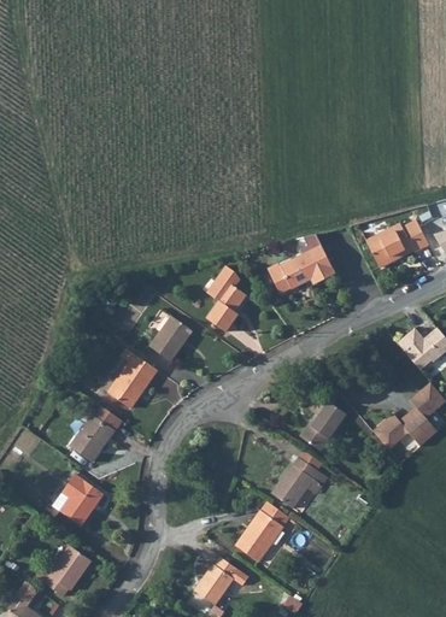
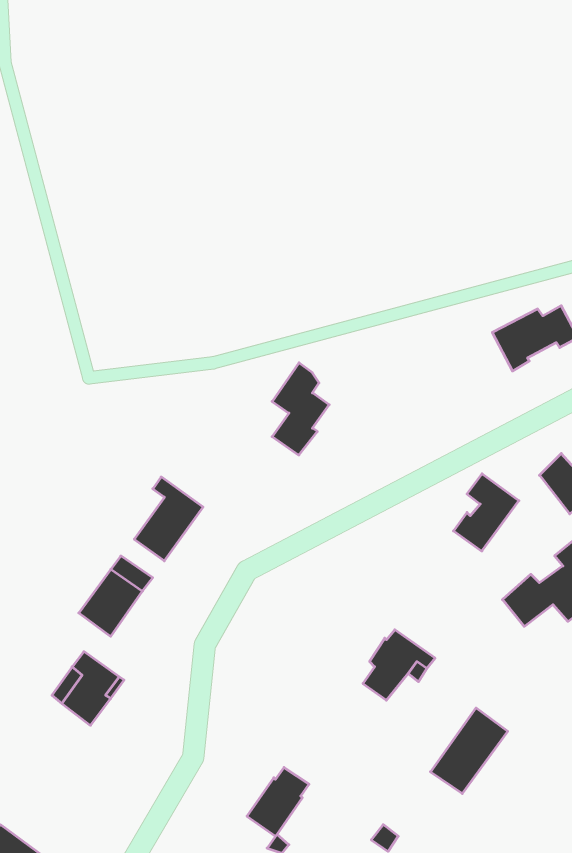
building: [269,236,335,296] -> none
building: [152,313,194,359] -> none
building: [300,395,347,451] -> [453,474,519,551]
building: [234,500,289,562] -> [430,708,508,794]
building: [34,542,89,594] -> none

